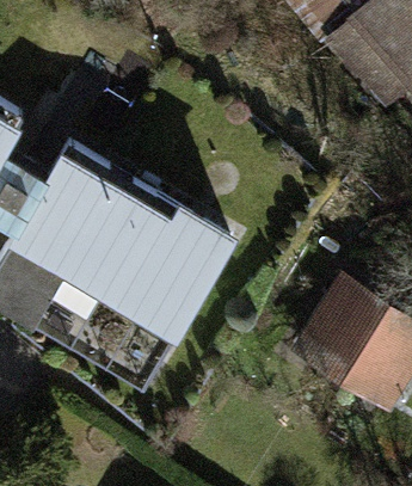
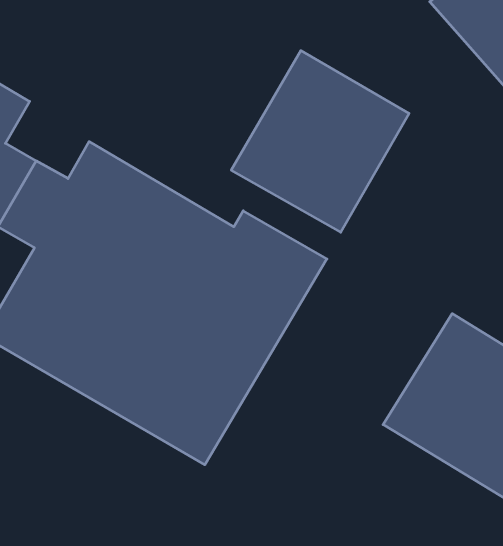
building: none -> [231,51,409,232]

